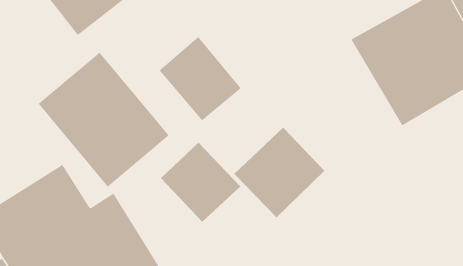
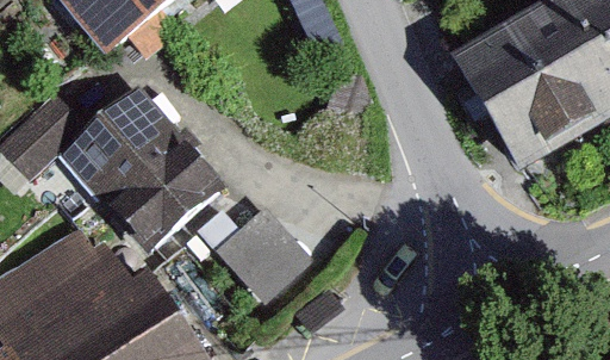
building: [159,36,242,121] -> none
building: [233,127,325,218] -> none

